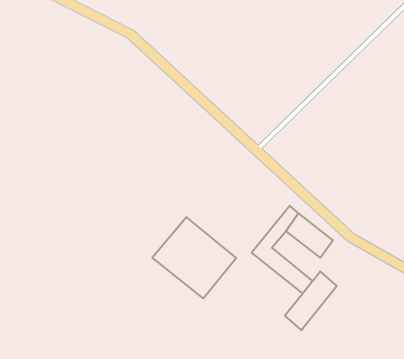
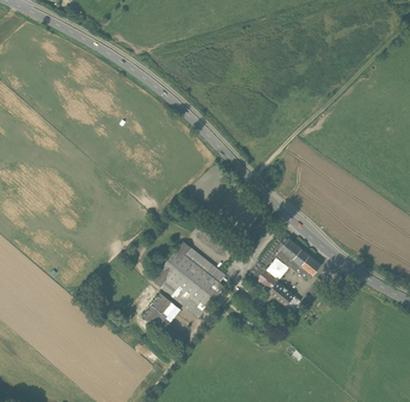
building: [285,271,337,330] -> none
building: none -> [142,292,181,326]

